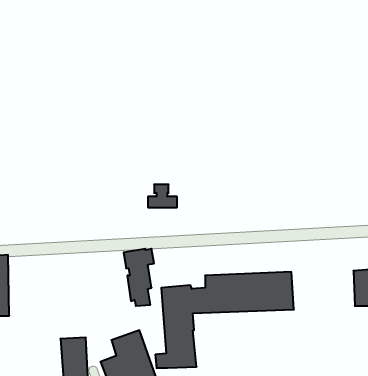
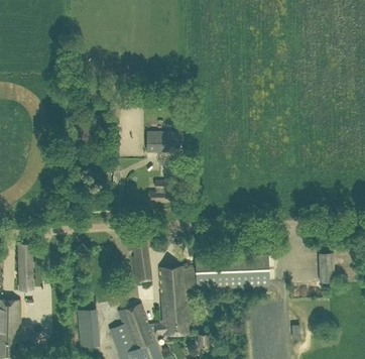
building: none -> [146,131,177,152]

